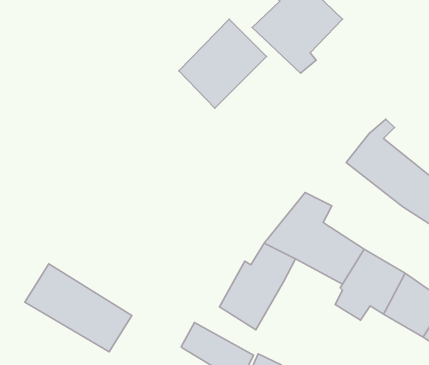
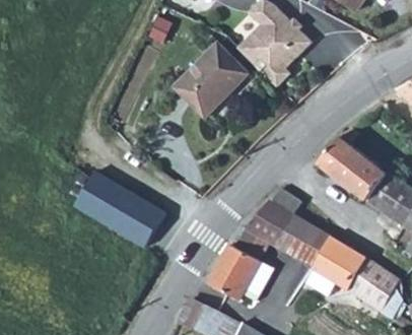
building: [25,264,132,352] -> [74,172,164,246]

